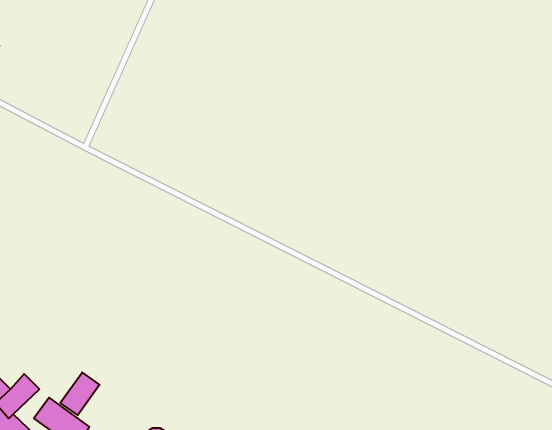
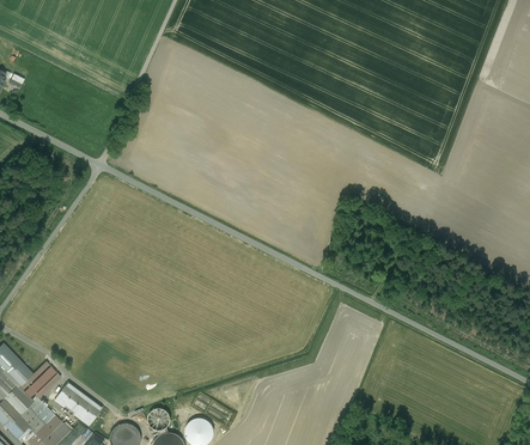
building: [60,372,100,415] -> none

